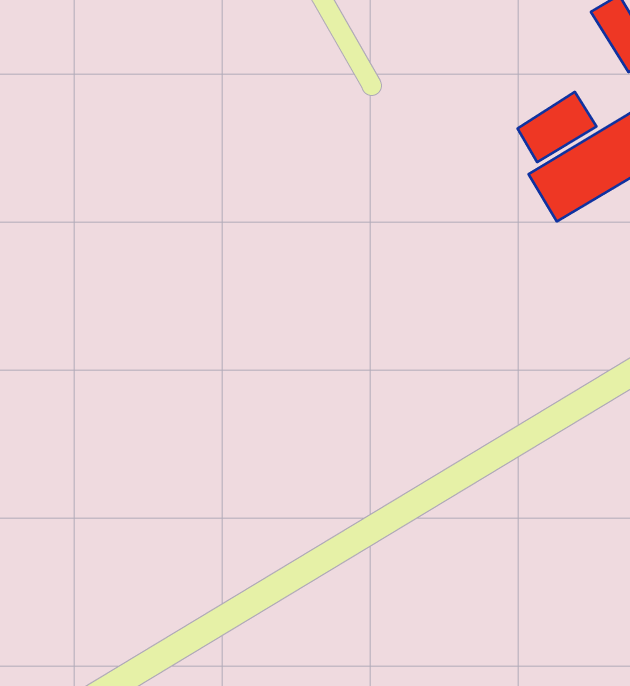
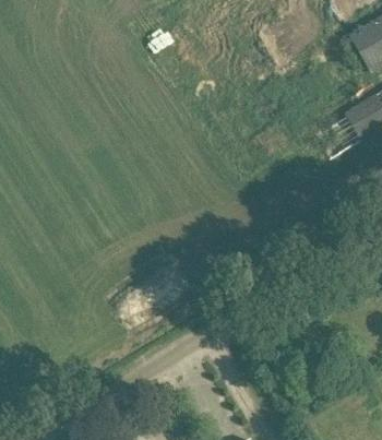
building: [517,92,596,162] -> none

